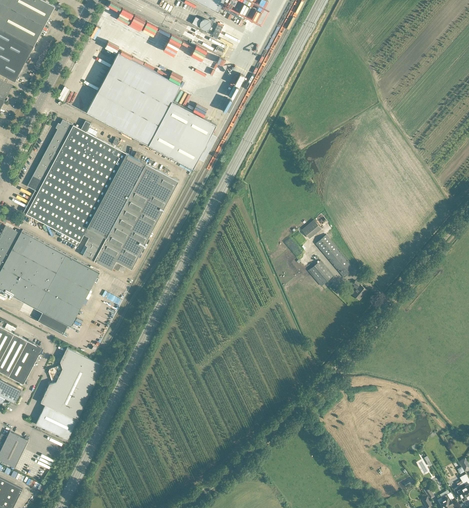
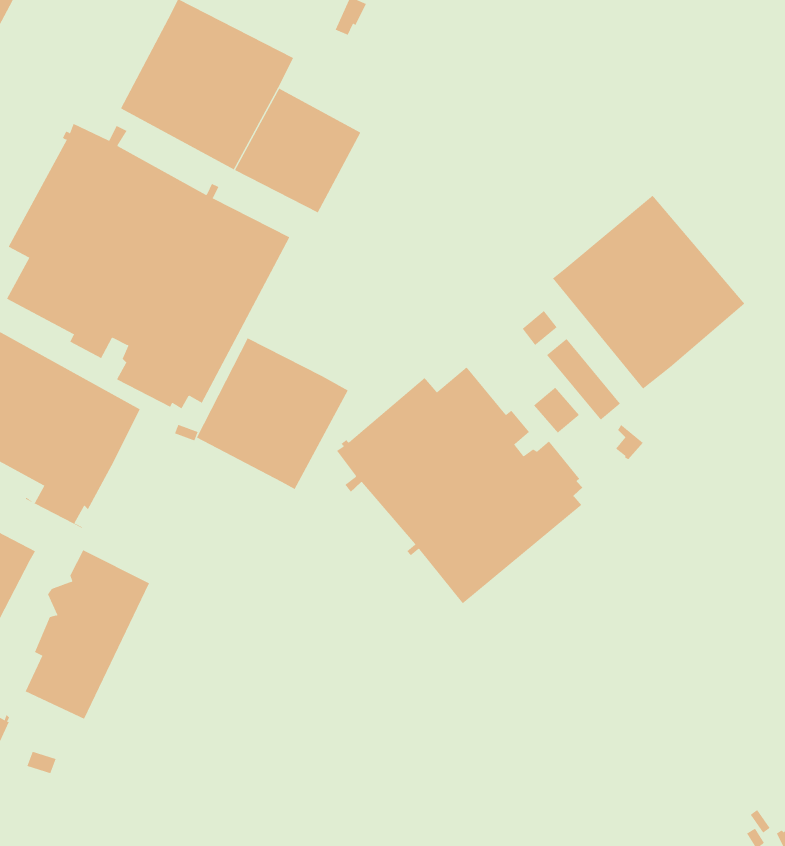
building: none -> [552,195,745,390]
building: none -> [196,338,348,490]
building: none -> [336,366,583,604]

